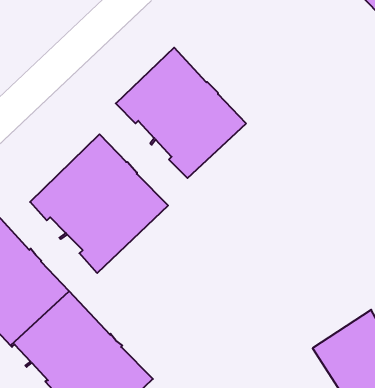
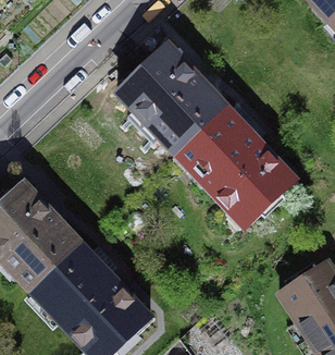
building: none -> [177,109,294,227]
building: [30,134,168,273] -> none

